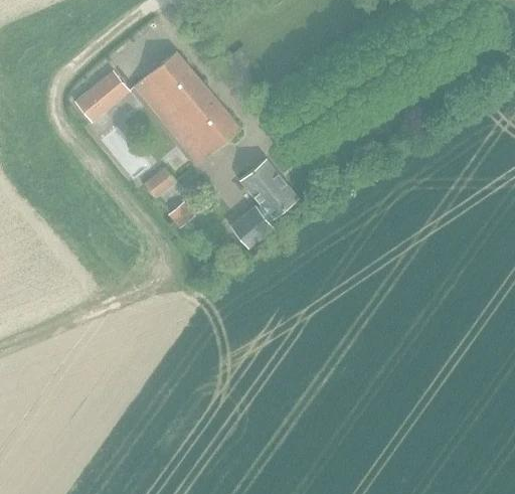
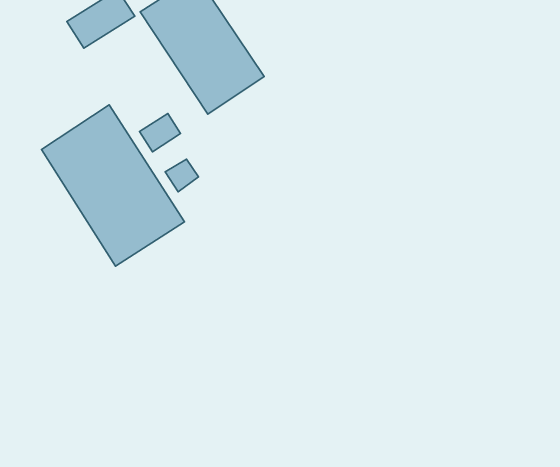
building: [232,160,297,246] -> none
building: none -> [41,105,185,266]

